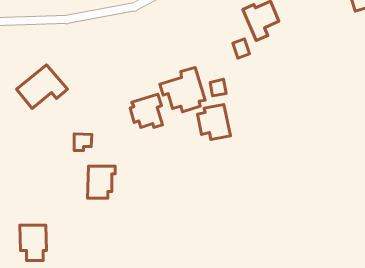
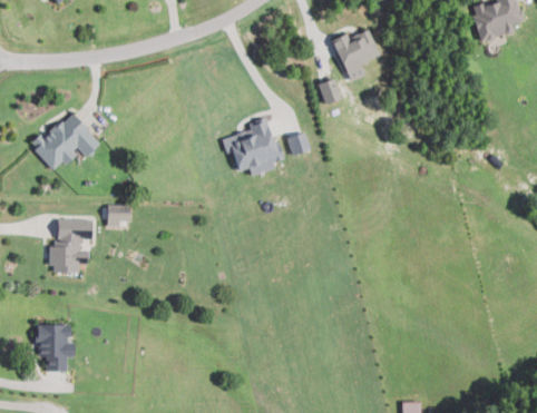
building: [130,94,163,128] -> none
building: [197,105,231,140] -> none
building: [88,166,115,198] -> [51,230,88,273]

